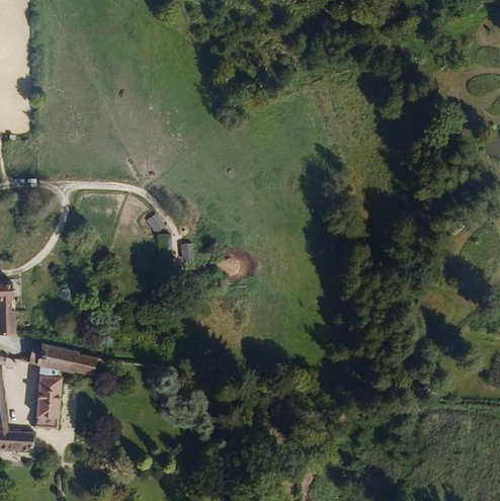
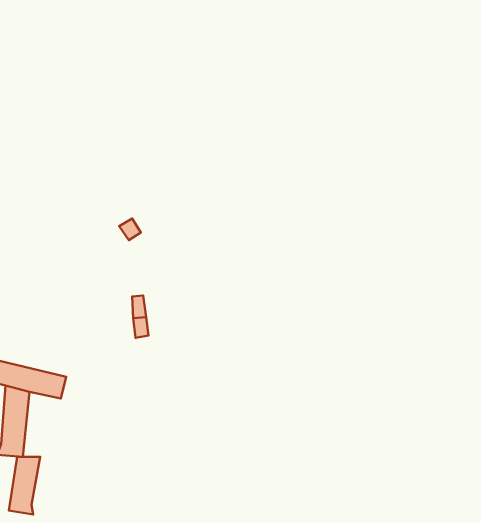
building: none -> [9,457,40,514]

